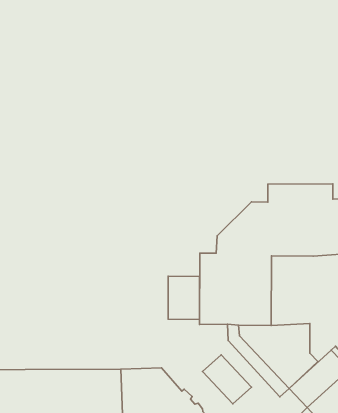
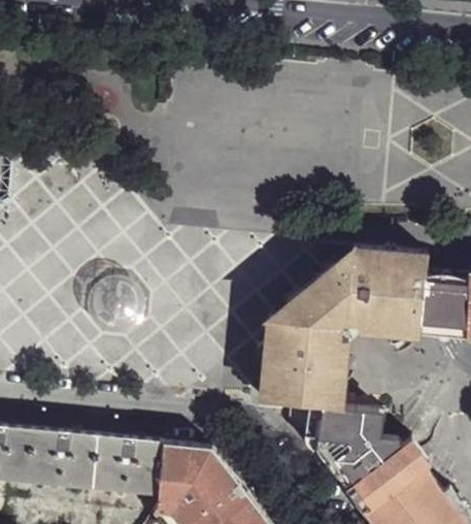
building: [168,276,200,320] -> none
building: [203,355,252,404] -> none

